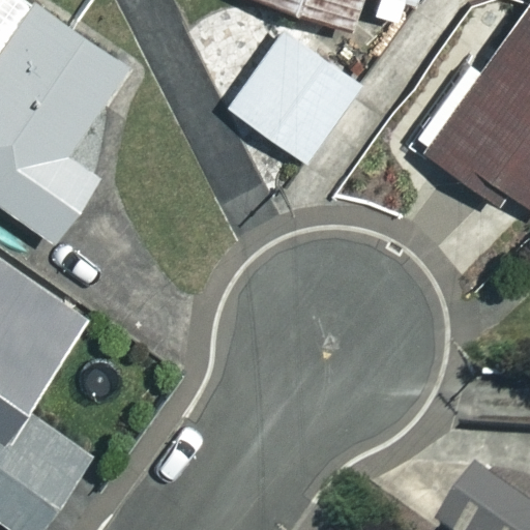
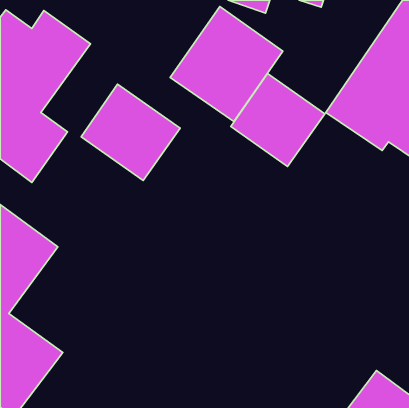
building: none -> [231,73,325,167]
building: none -> [81,84,180,180]

